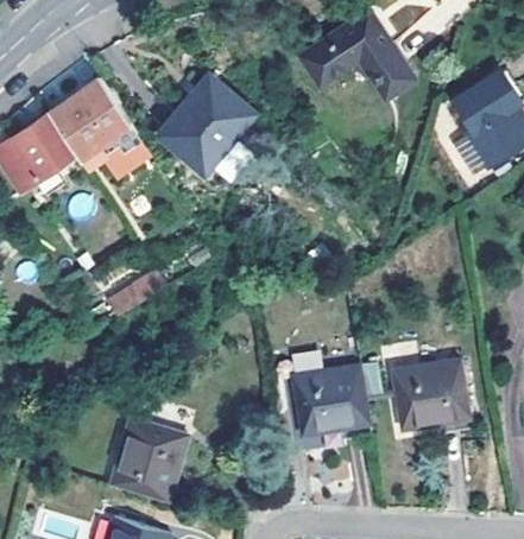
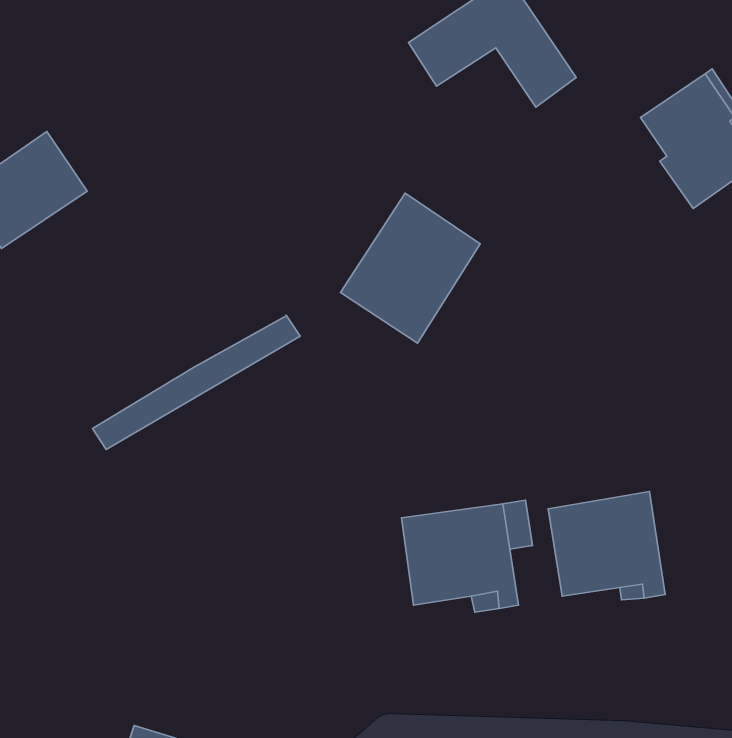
building: [163,76,258,178] -> [341,193,480,343]
building: [51,80,156,182] -> none
building: [108,418,184,501] -> none

